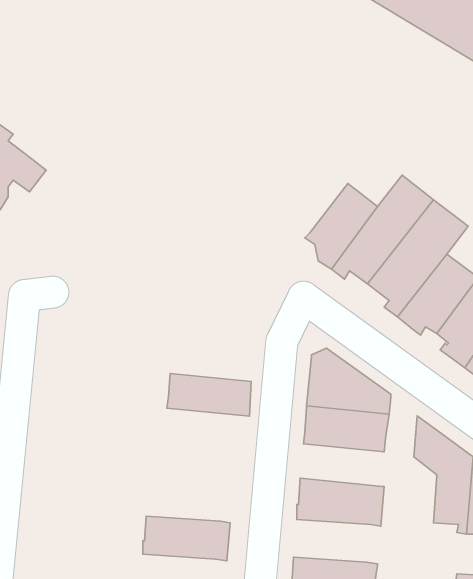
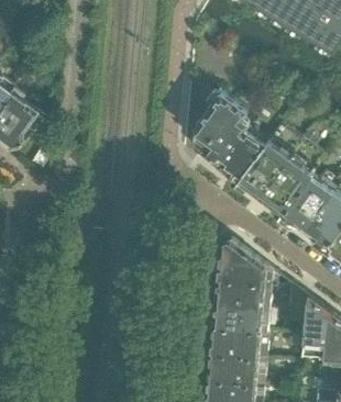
building: none -> [197,92,251,163]
building: [167,373,251,416] -> [215,303,271,332]
building: [143,516,230,561] -> [210,354,268,383]

